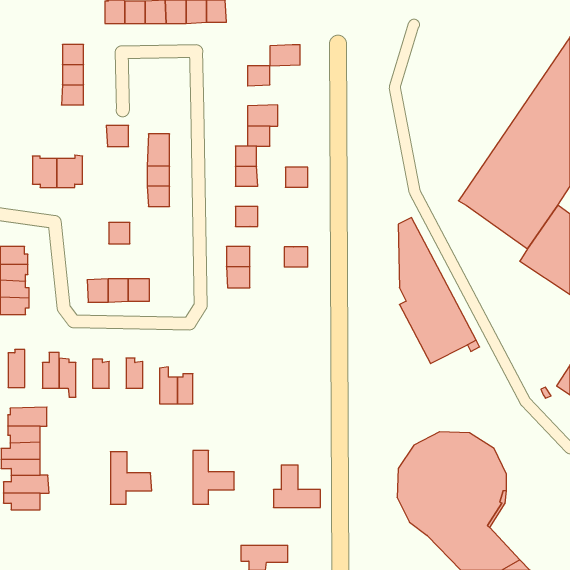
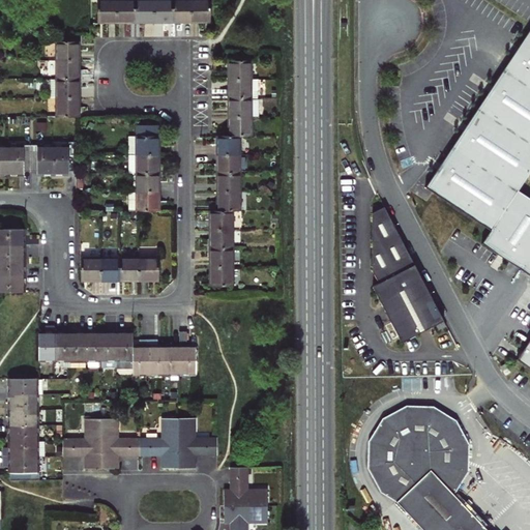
building: [270,45,300,66] -> [230,79,258,98]
building: [106,125,129,147] -> [57,97,78,117]
building: none -> [7,145,30,174]
building: [285,167,308,187] -> [218,173,239,192]
building: [109,223,130,244] -> [138,192,157,211]
building: [284,247,308,267] -> [210,210,232,229]
building: none -> [139,259,158,279]
building: none -> [211,267,232,287]
building: [8,350,25,387] -> [70,333,86,369]
building: none -> [101,332,117,369]
building: none -> [132,342,148,375]
building: none -> [179,347,196,375]
building: none -> [140,418,179,468]
building: none -> [63,419,102,469]
building: [273,465,320,507] -> [224,467,267,506]

